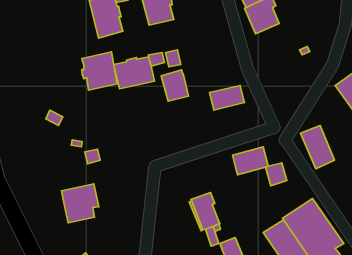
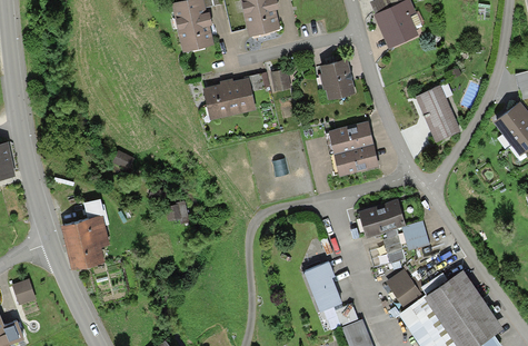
building: [82,52,117,90] -> none
building: [161,70,188,101] -> [319,61,355,102]
building: none -> [333,141,379,175]
building: [301,125,335,169] -> [415,83,459,140]
building: none -> [383,230,407,264]
building: [62,184,99,223] -> [61,215,110,266]
building: none -> [386,269,422,306]

